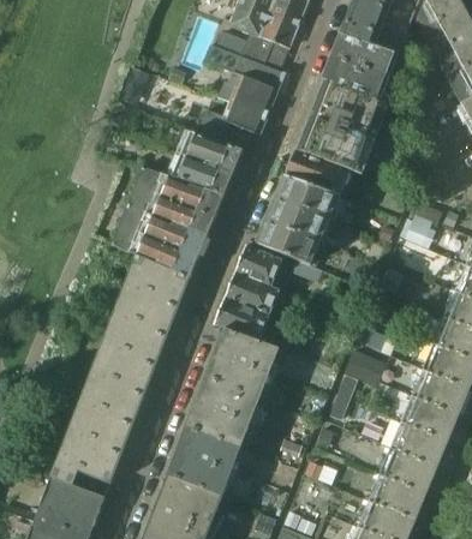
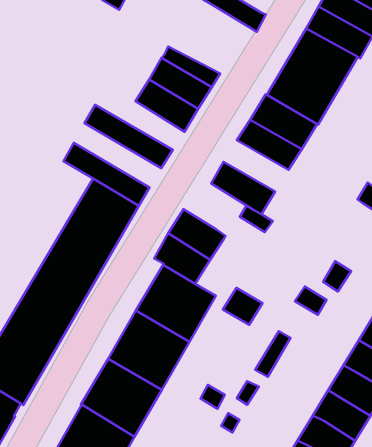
building: [202,72,277,133] -> none
building: [133,166,223,216] -> none
building: [265,197,329,240] -> none
building: [119,204,207,256] -> none
building: [234,244,281,286] -> none
building: [345,349,382,383] -> [223,288,263,325]

